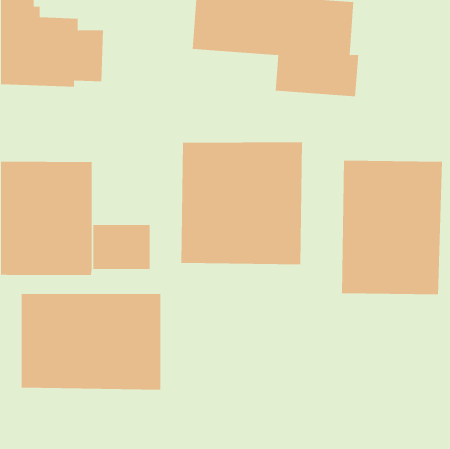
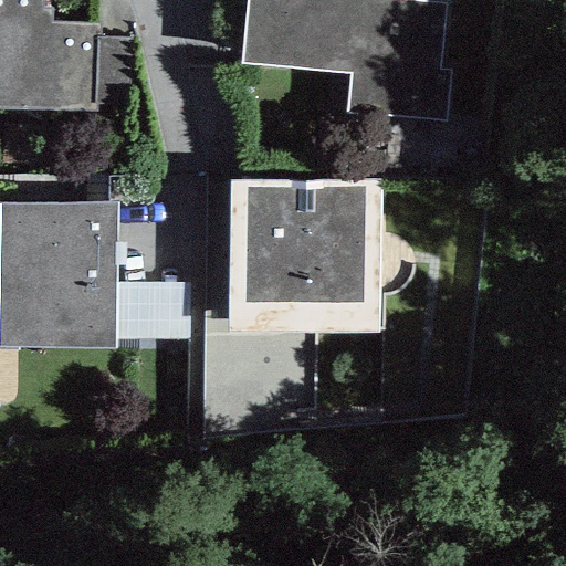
building: [341,160,443,295] -> none
building: [21,293,161,390] -> none

